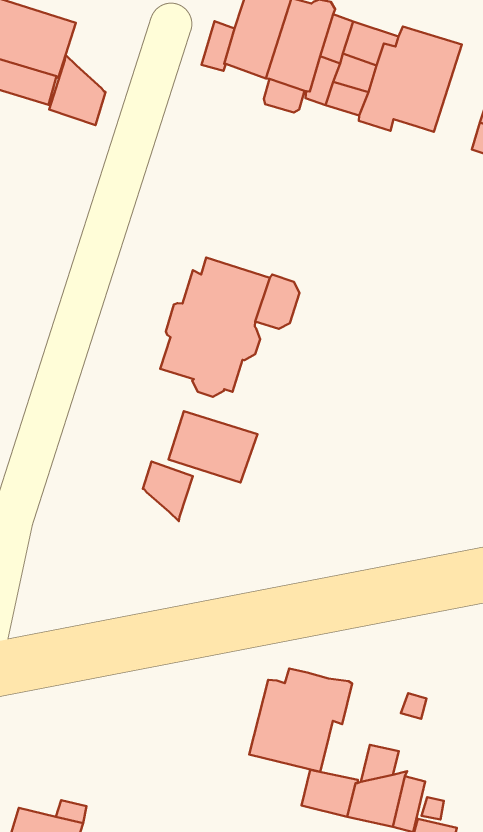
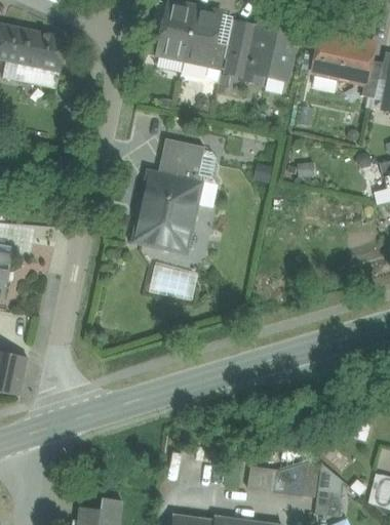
building: [49,55,106,125] -> none
building: none -> [159,138,204,177]
building: [143,462,193,521] -> none
building: [249,669,352,772] -> none

